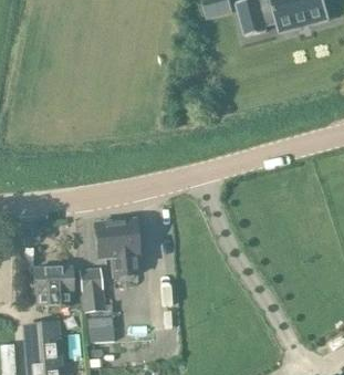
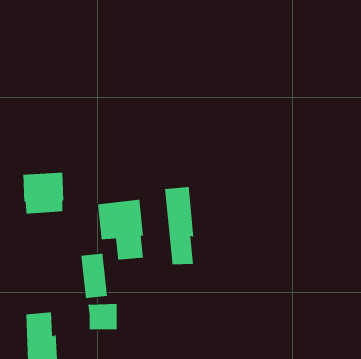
building: none -> [165,186,194,265]
building: [34,267,73,305] -> [22,172,64,214]

